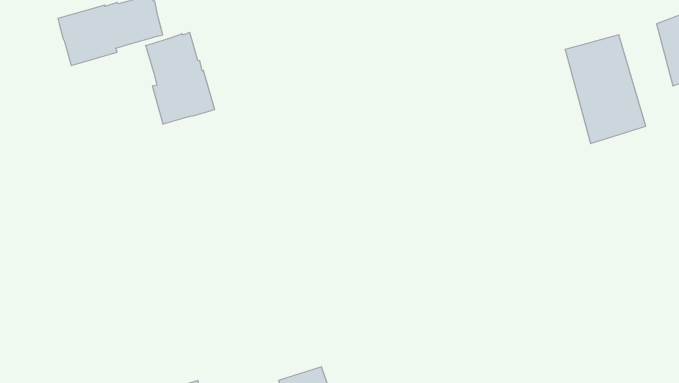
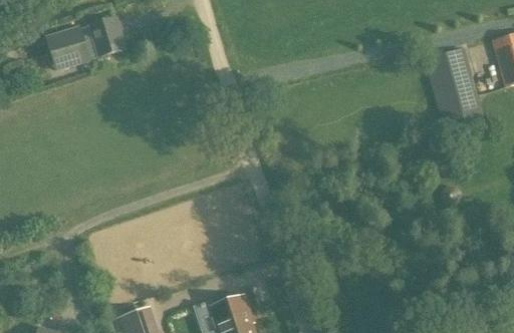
building: [146,32,214,124] -> none

